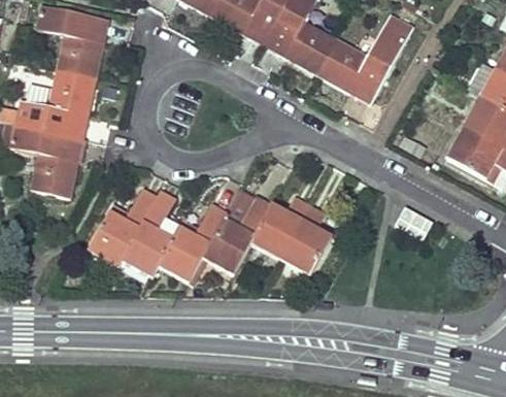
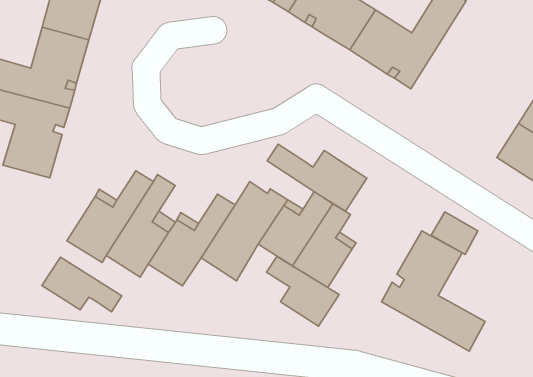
building: none -> [267,144,367,211]
building: none -> [381,231,485,351]
building: none -> [267,256,339,326]
building: none -> [42,257,122,312]

